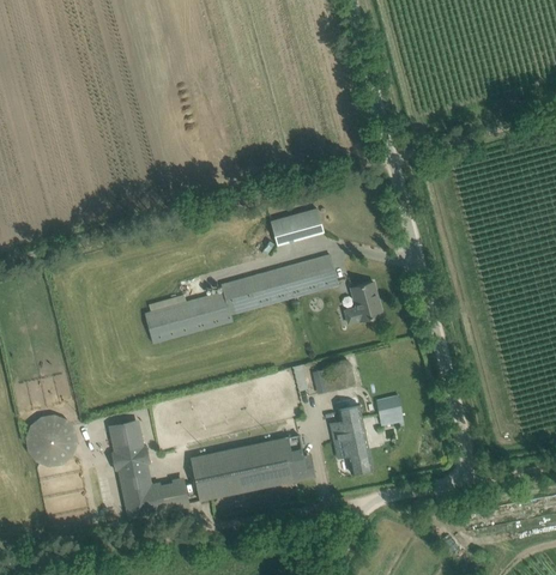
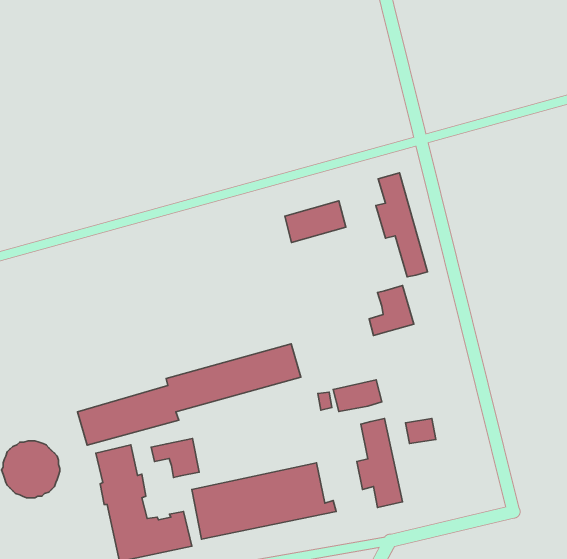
building: none -> [376,173,428,277]
building: [144,255,337,343] -> [77,344,301,445]
building: none -> [151,438,199,478]

